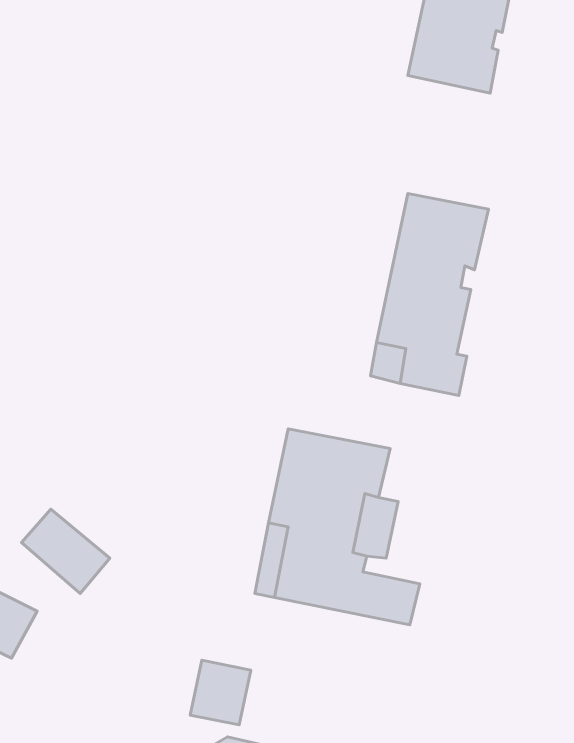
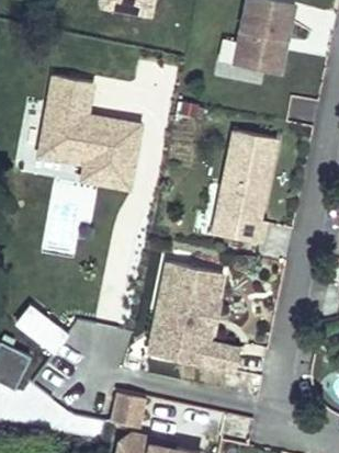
building: none -> [38,73,137,185]

